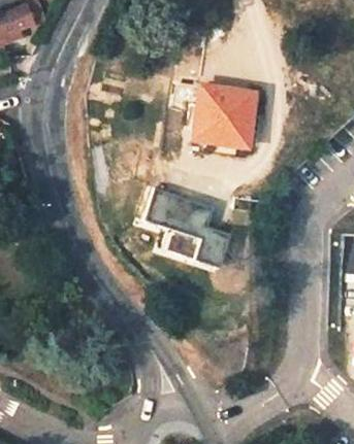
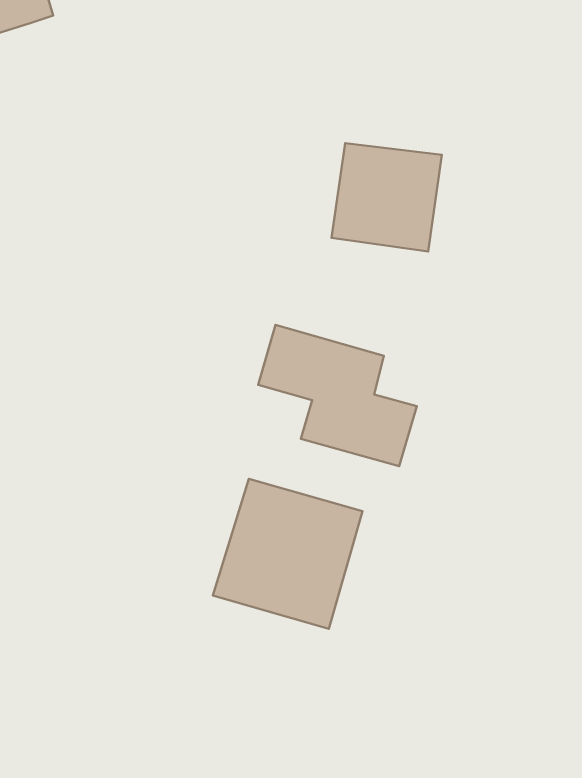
building: none -> [213,479,362,629]

